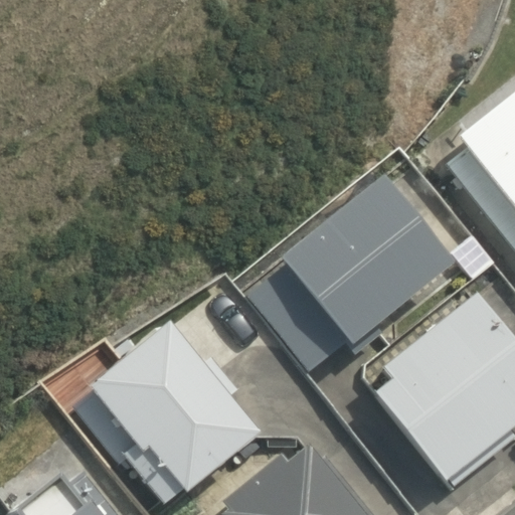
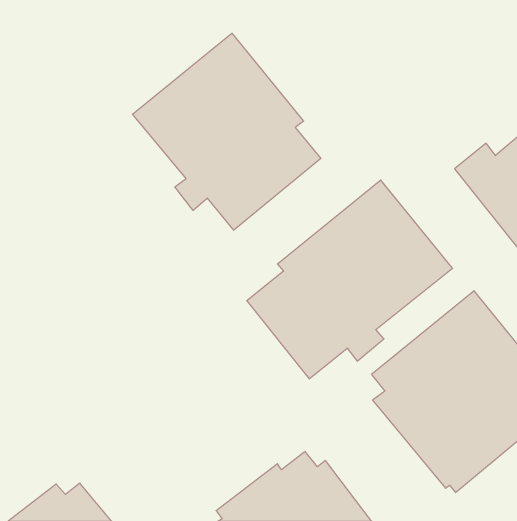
building: none -> [133,33,321,230]
building: [75,323,255,504] -> none

